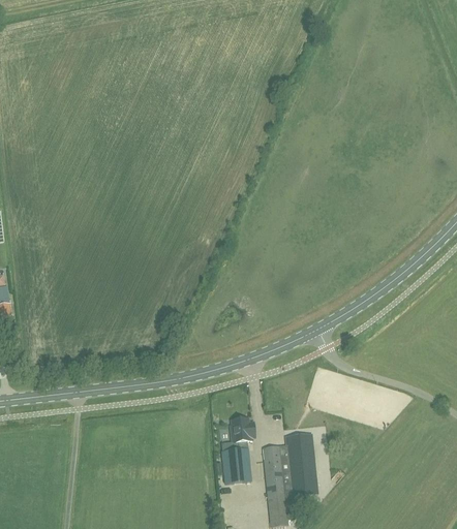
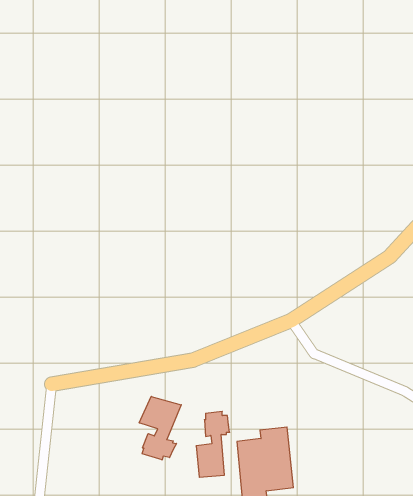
building: none -> [139,396,181,460]

